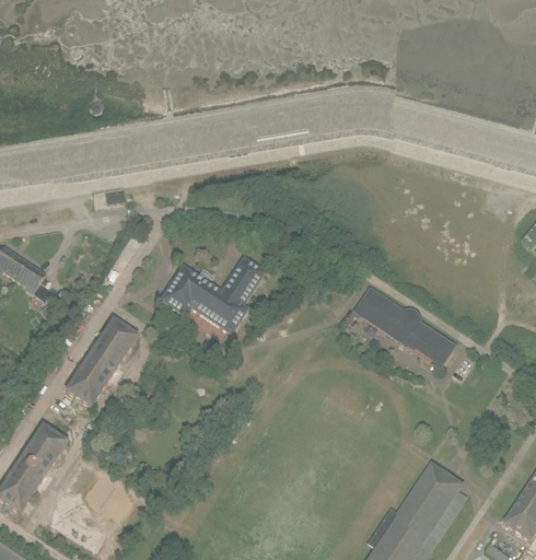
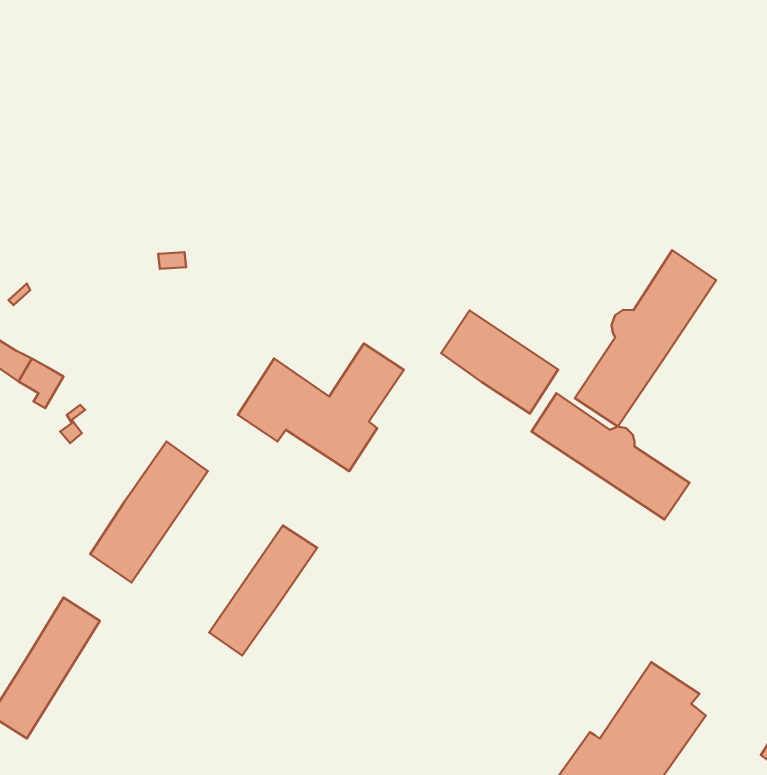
building: none -> [575,250,716,426]
building: none -> [441,311,558,414]
building: none -> [209,526,317,655]

